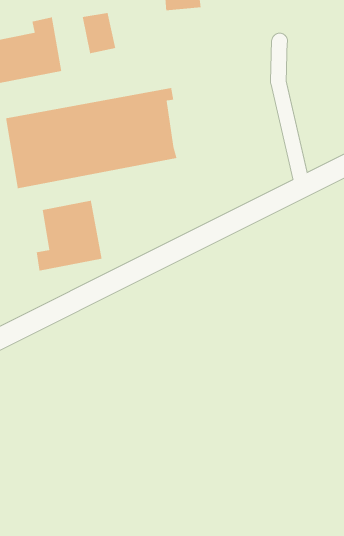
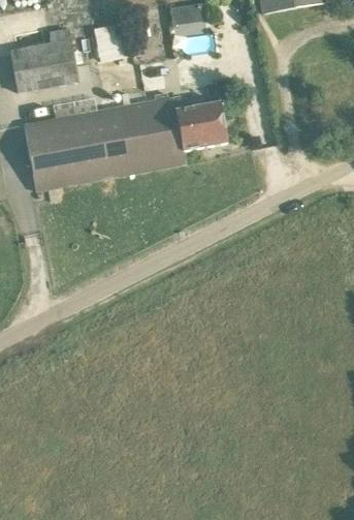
building: none -> [176,101,226,151]
building: [36,200,103,271] -> none

